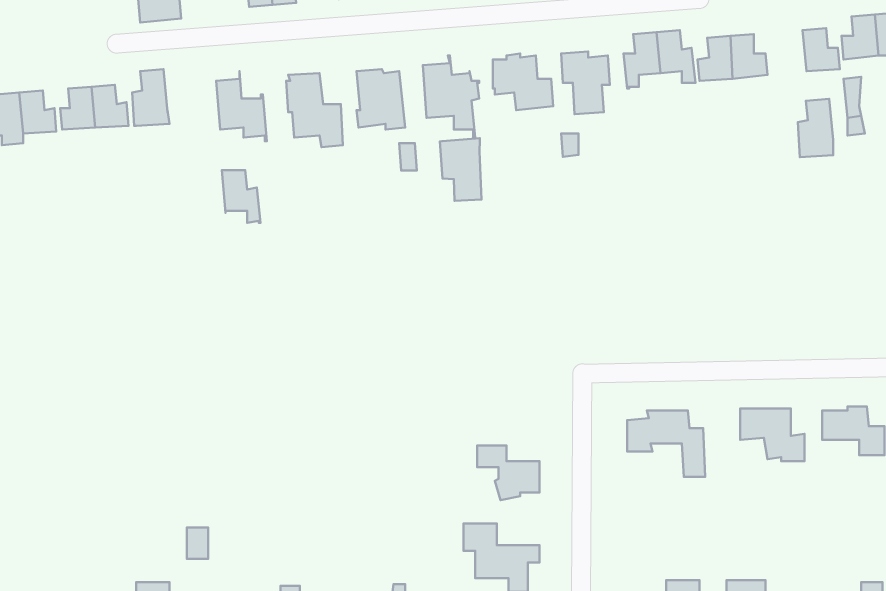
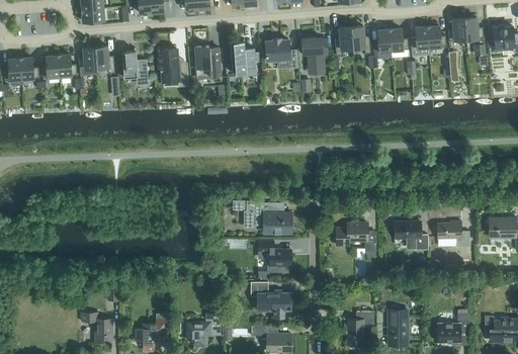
building: [798,99,833,157] -> [411,26,429,57]
building: [440,138,481,201] -> none
building: [222,170,261,223] -> [95,47,115,74]
building: none -> [239,200,290,234]

